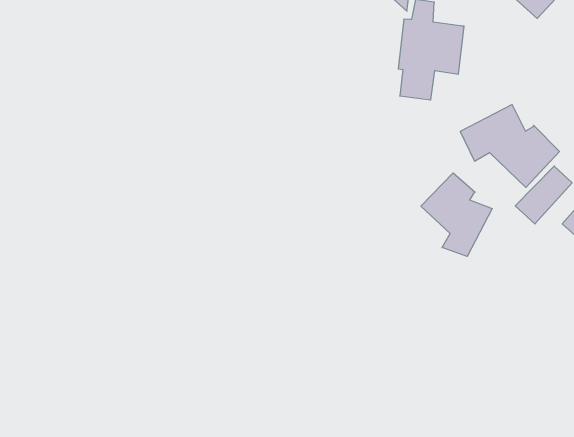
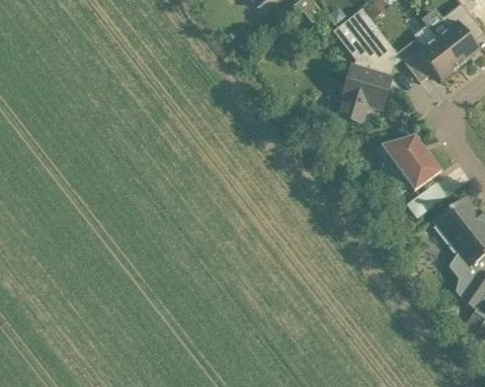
building: [421,173,492,256] -> none

